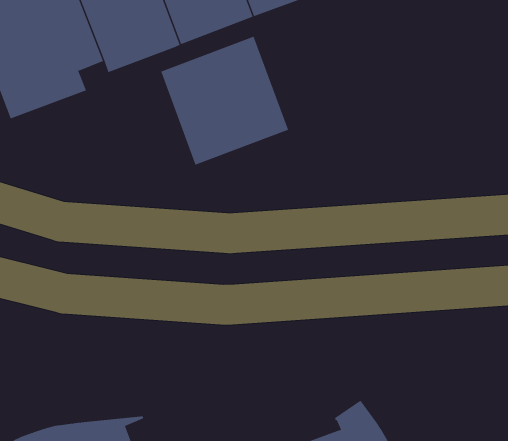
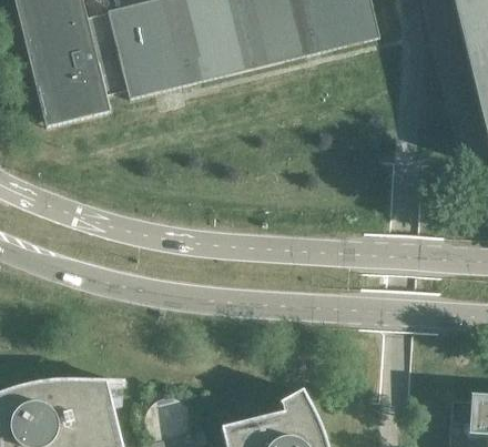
building: [160,36,289,166] -> none

